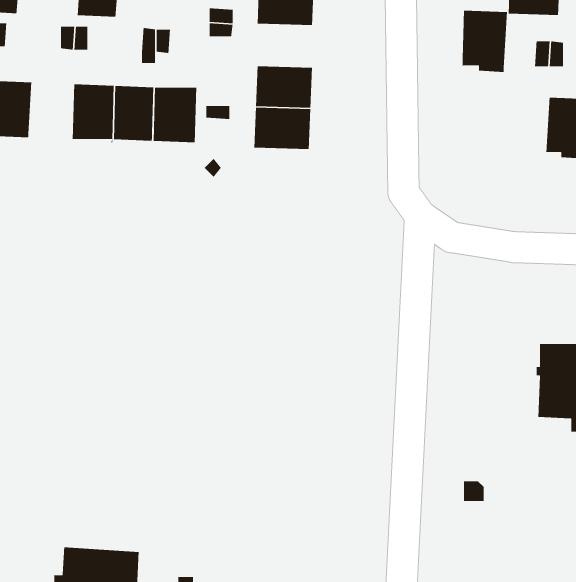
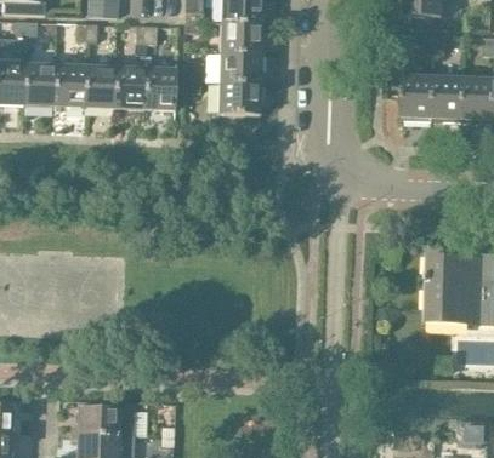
building: [462,10,508,73] -> [402,74,436,120]
building: none -> [221,22,262,53]
building: none -> [53,64,86,108]

